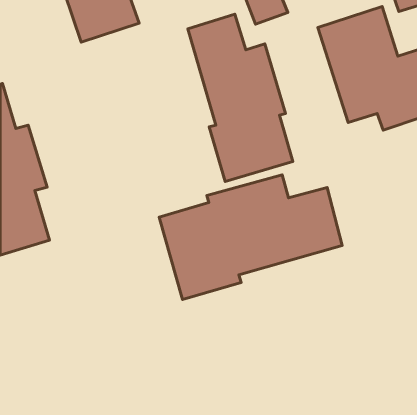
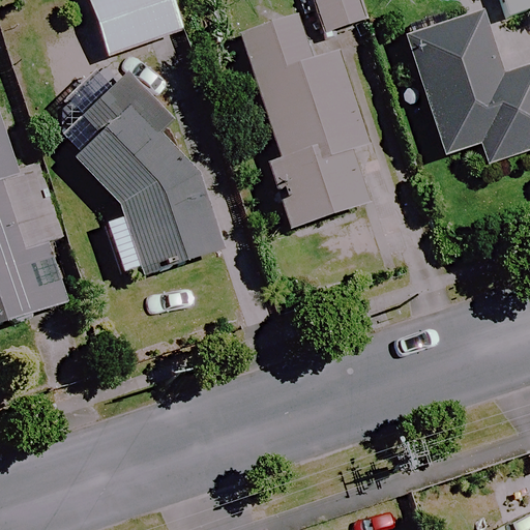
building: none -> [60,65,227,275]
building: [159,175,342,299] -> none

